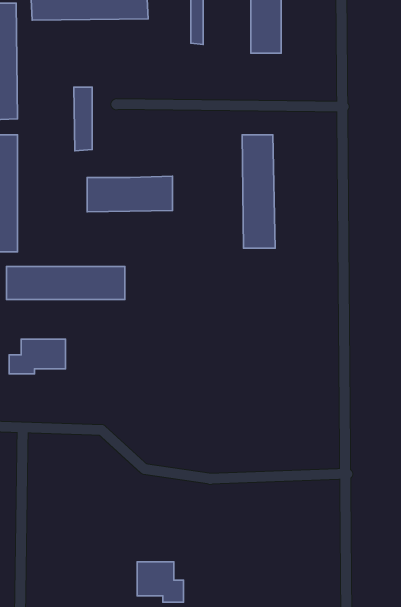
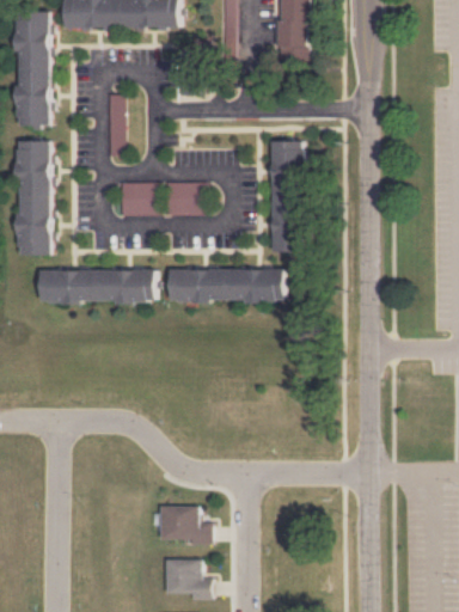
building: none -> [169,267,283,301]
building: [9,339,65,374] -> none
building: none -> [161,504,213,544]

